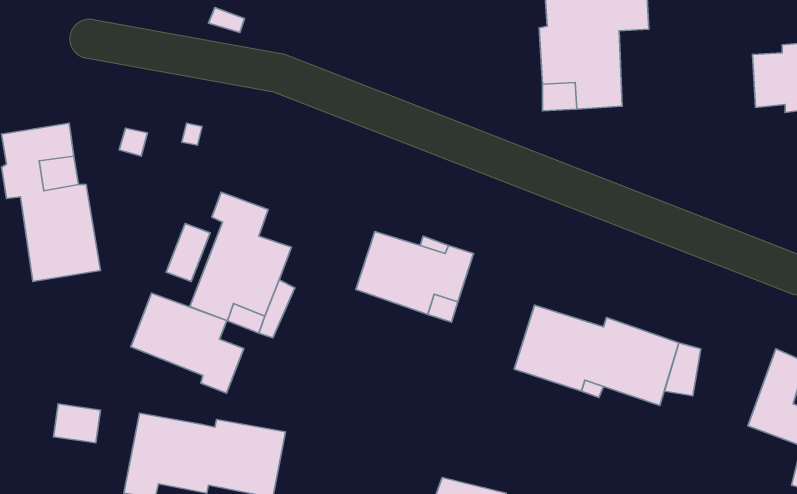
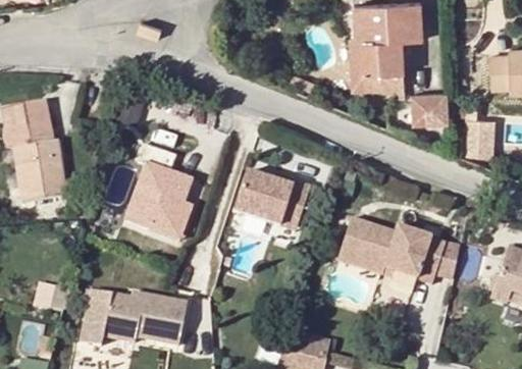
building: none -> [413,94,450,125]
building: none -> [465,117,497,156]
building: [131,293,244,393] -> none

